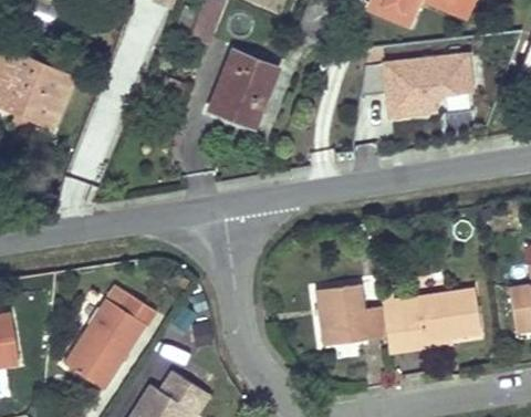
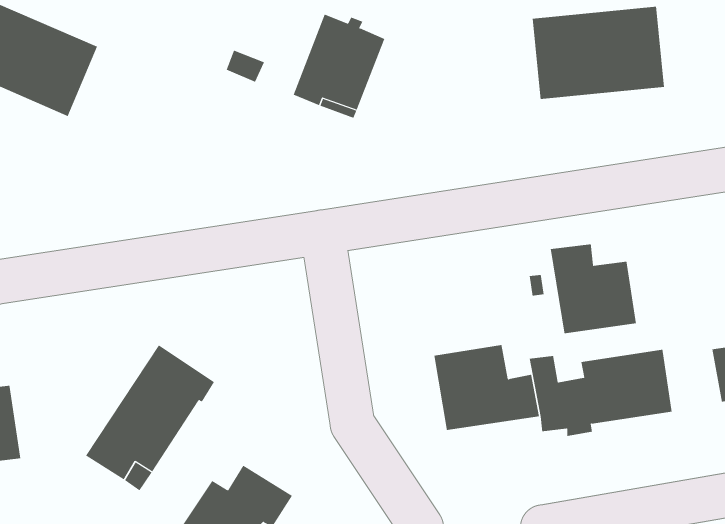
building: none -> [550,243,636,334]

